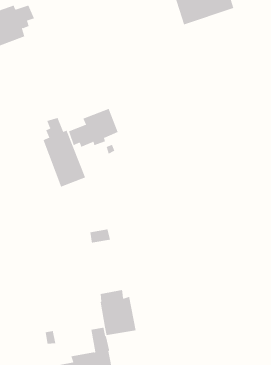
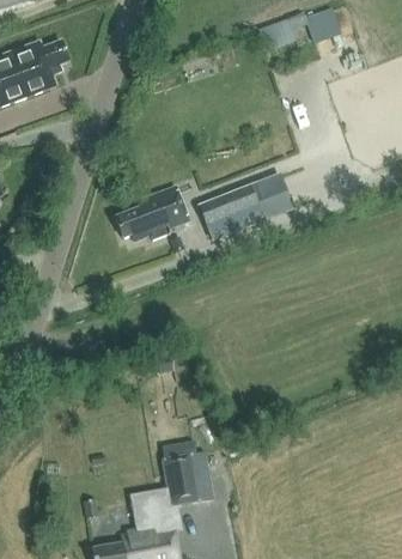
building: none -> [199,174,291,238]
building: [43,117,86,187] -> none

